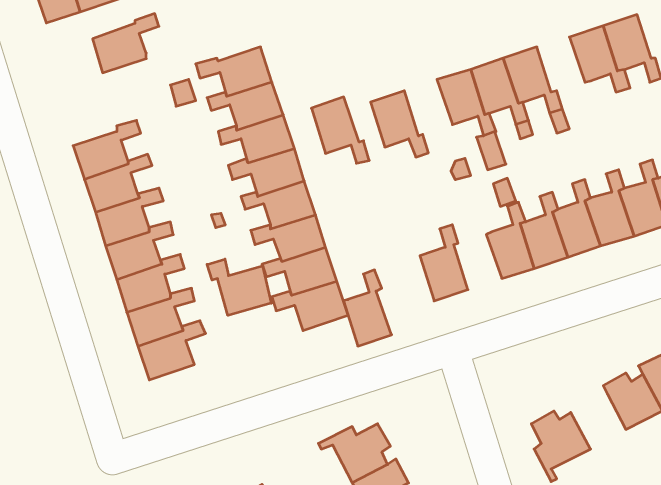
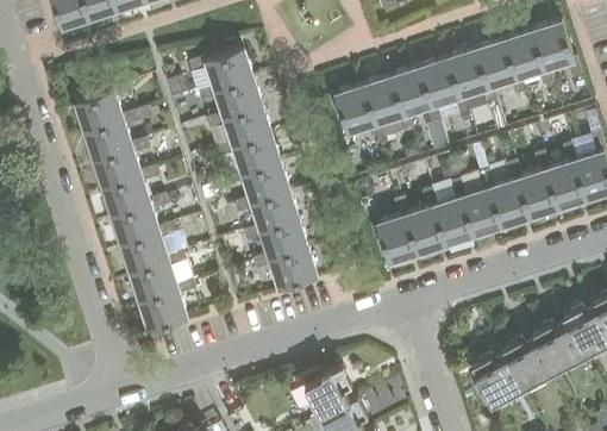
building: [93,14,159,73] -> [76,83,132,133]
building: none -> [476,42,526,96]
building: [311,97,369,163] -> [364,77,413,133]
building: [207,259,271,315] -> none
building: [344,270,392,346] -> [406,190,446,255]
building: none -> [501,341,551,389]

